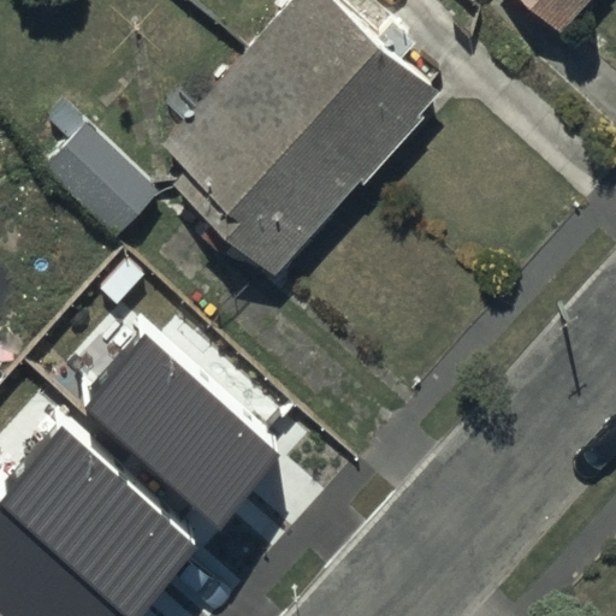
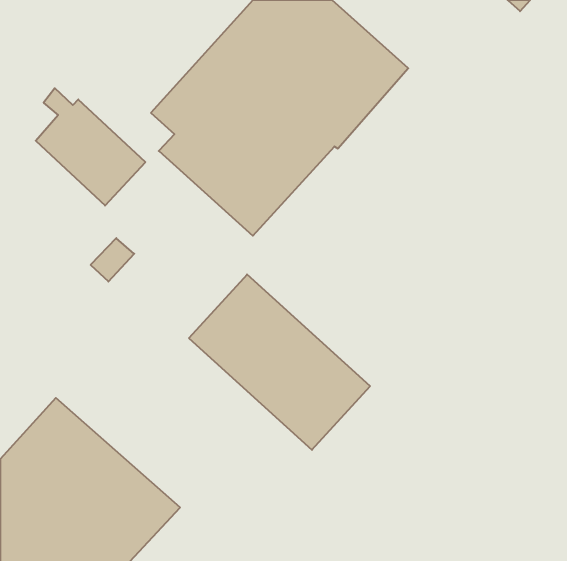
building: [89,348,284,537] -> [189,274,370,450]

